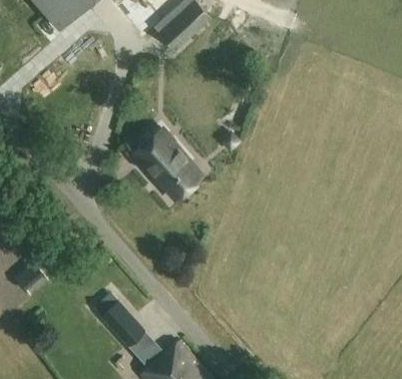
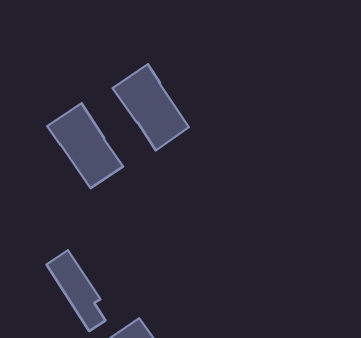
building: none -> [47,103,123,188]

